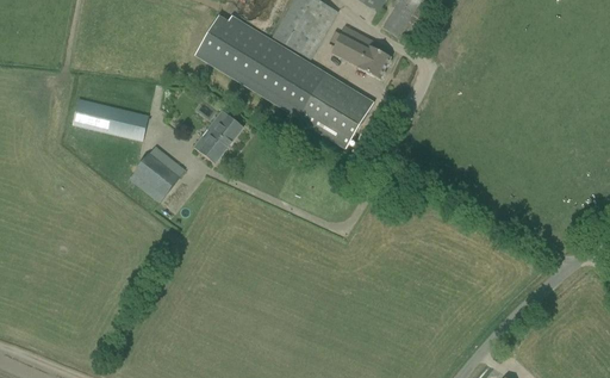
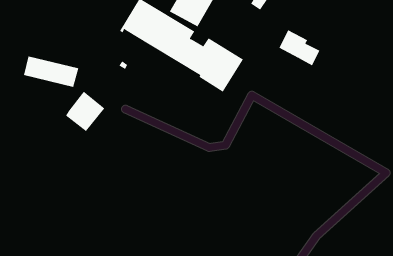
building: [334,27,391,78] -> [278,30,320,66]
building: [194,110,243,162] -> none

